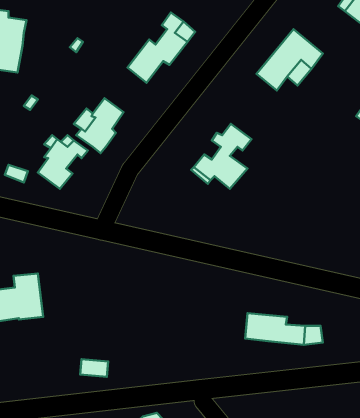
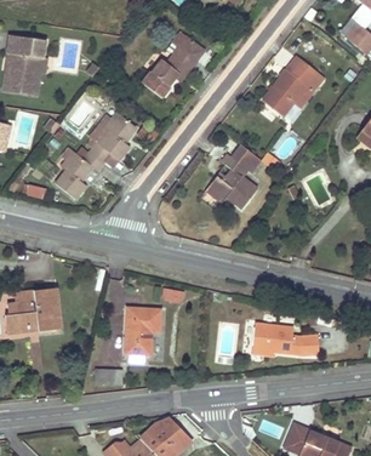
building: none -> [125,307,159,363]

